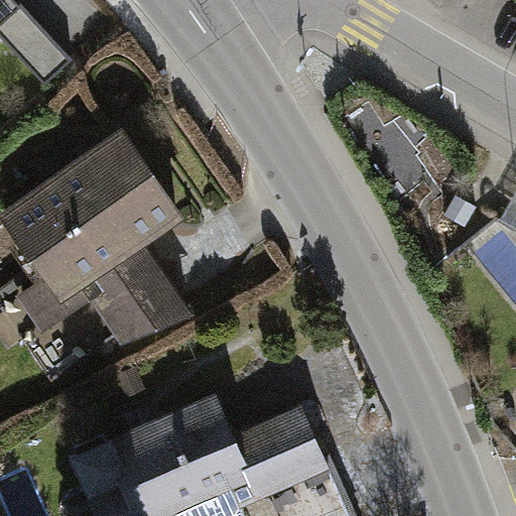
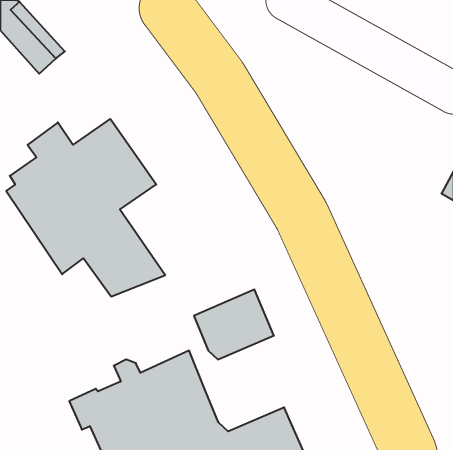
building: [233,414,324,494] -> [194,289,274,359]

